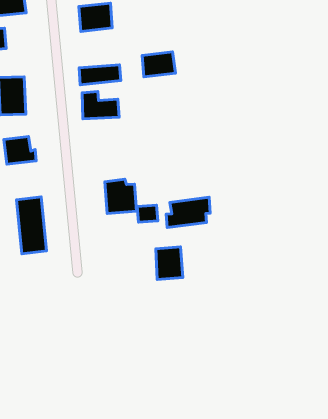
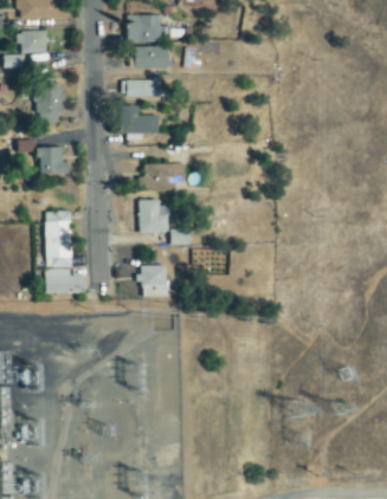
building: [142,52,175,77] -> [135,45,168,69]
building: [166,197,210,228] -> [138,162,185,190]
building: [156,247,183,279] -> [140,265,167,297]
building: none -> [43,268,86,293]

